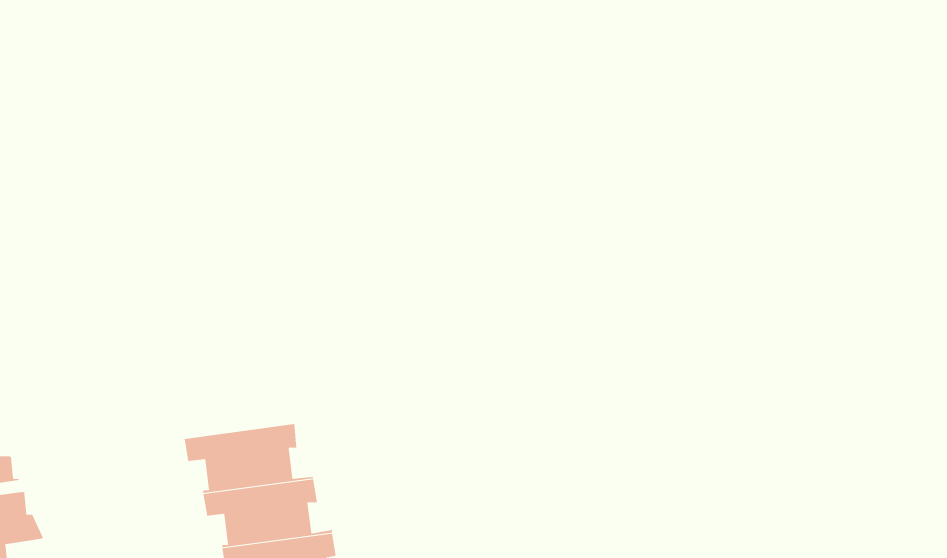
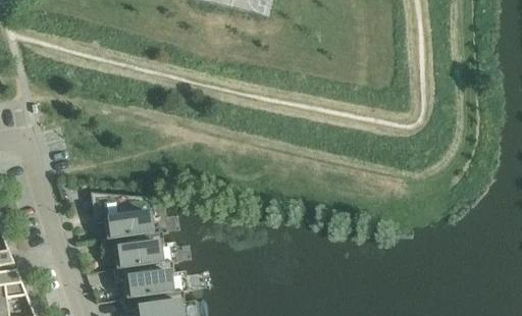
building: none -> [93,199,165,248]

